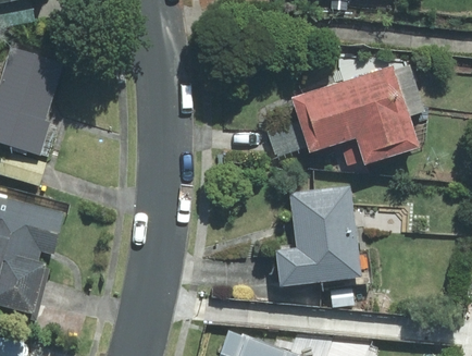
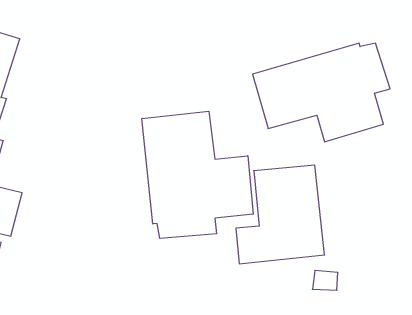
building: none -> [142,111,253,238]

